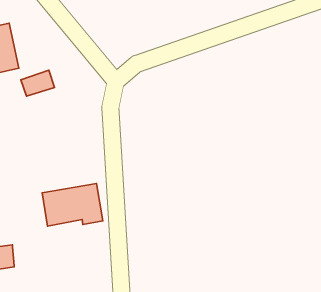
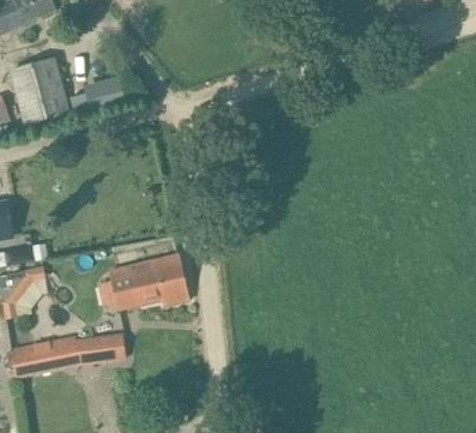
building: [21,70,54,96] -> [85,72,128,107]
building: none -> [76,333,123,363]

